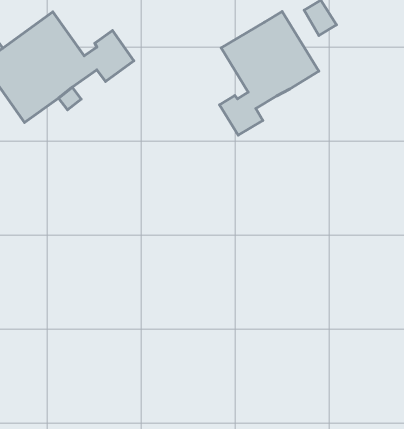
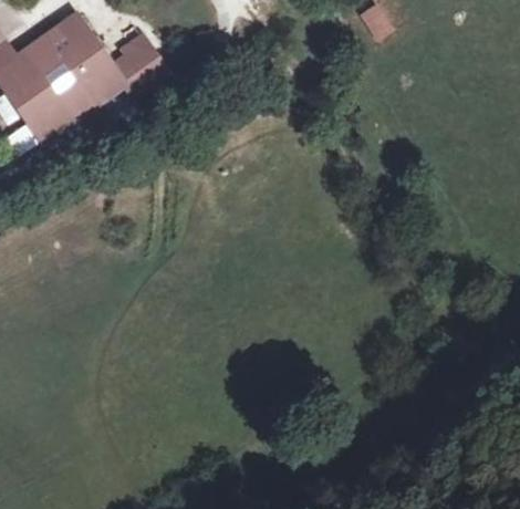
building: [220,11,319,135] -> none

